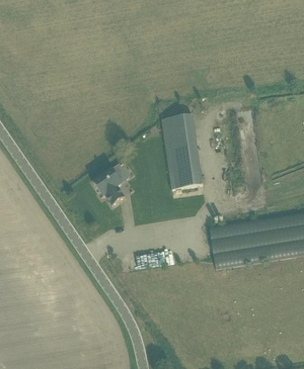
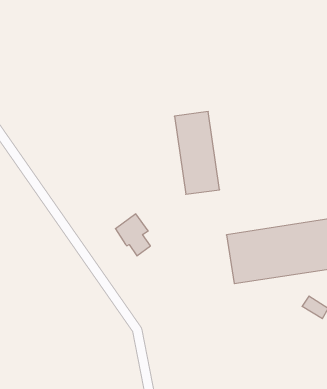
building: [92,166,124,203] -> [115,214,150,256]

